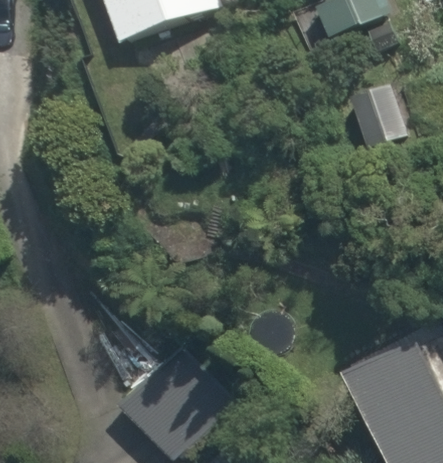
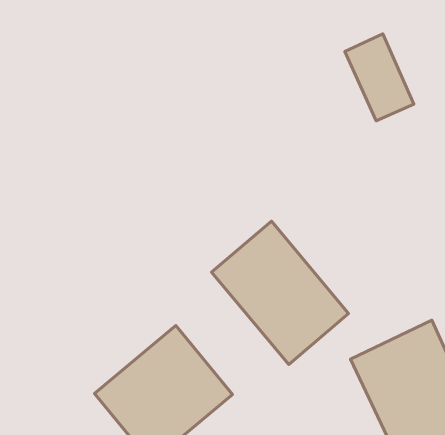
building: none -> [212,221,349,365]

